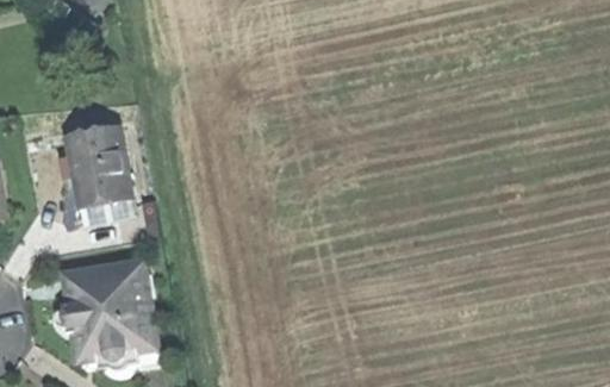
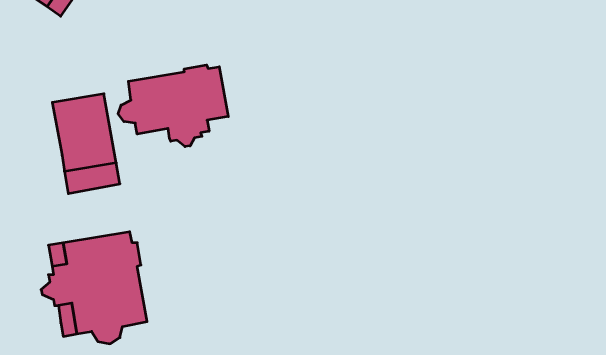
building: none -> [118,65,228,147]

